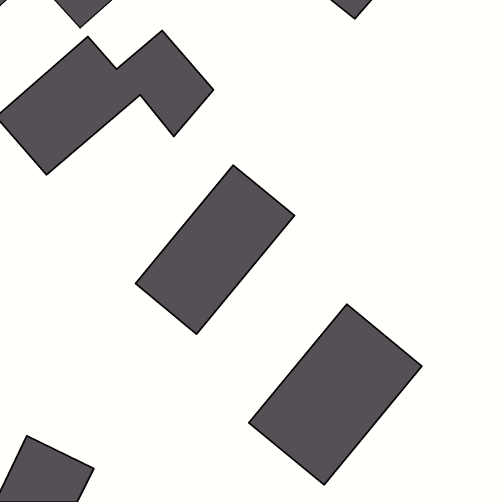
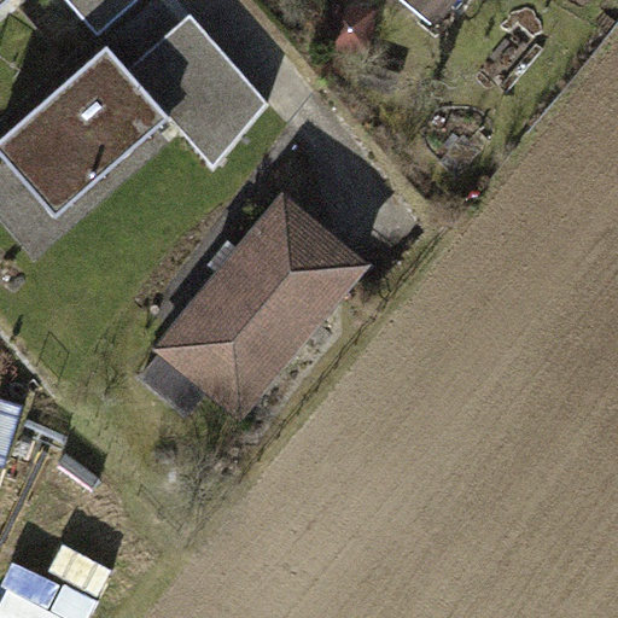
building: [249,304,422,485] -> none

